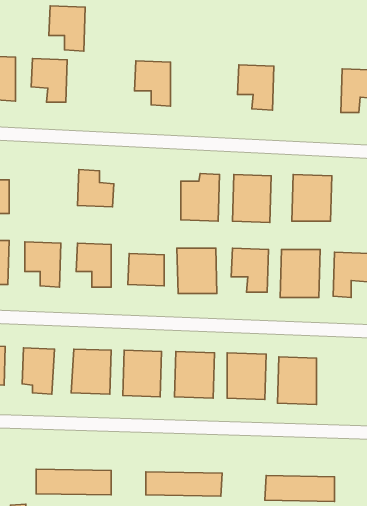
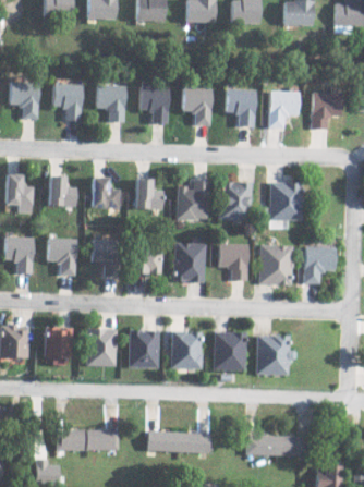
building: [49,6,85,51] -> [94,84,124,122]
building: none -> [181,87,211,124]
building: none -> [268,90,299,127]
building: none -> [46,175,76,206]
building: none -> [134,178,162,209]

